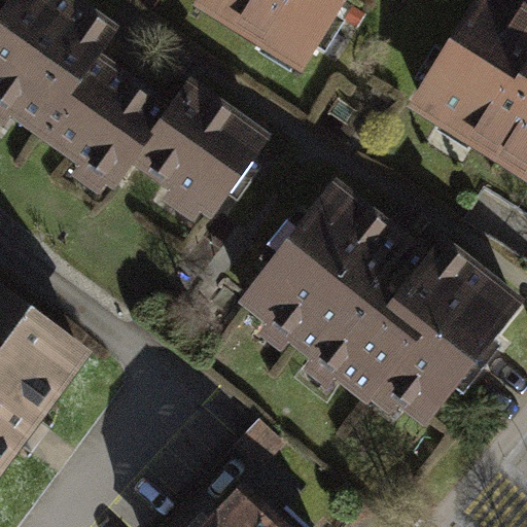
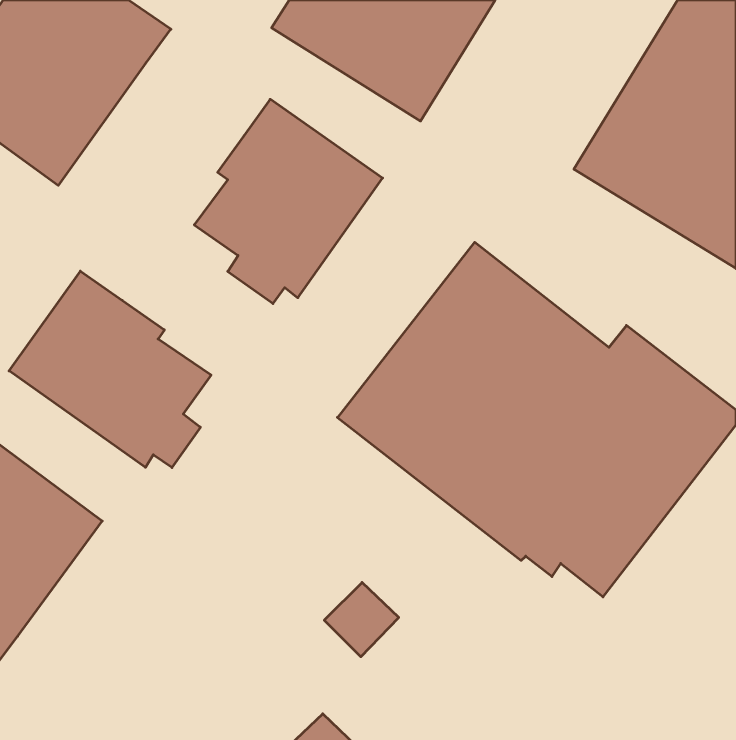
building: [41,48,172,190] -> none
building: none -> [9,271,211,468]

